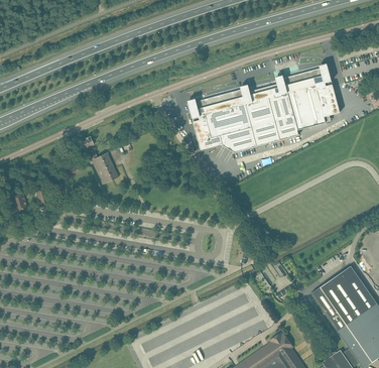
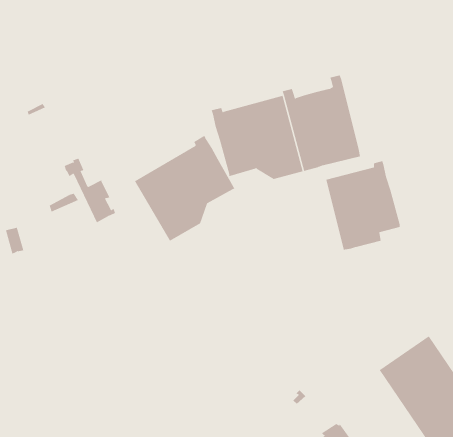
building: [285,63,341,129] -> [326,160,401,250]
building: none -> [134,135,236,242]

